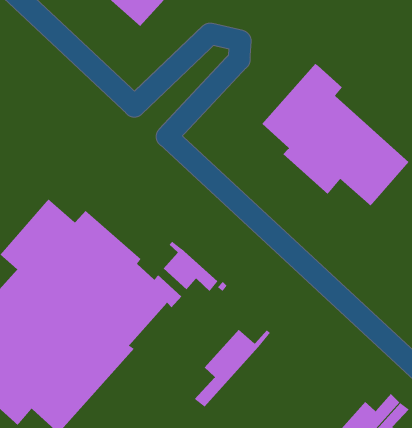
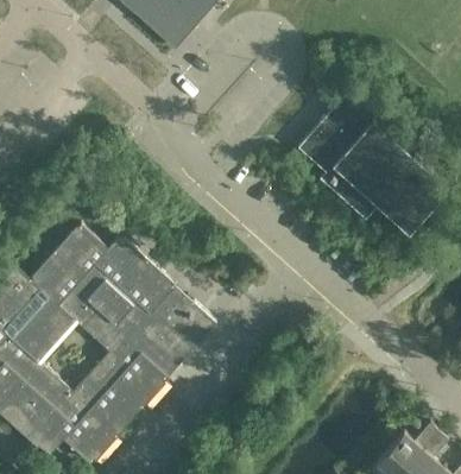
building: [163,241,218,292] -> none
building: [194,329,271,408] -> none

